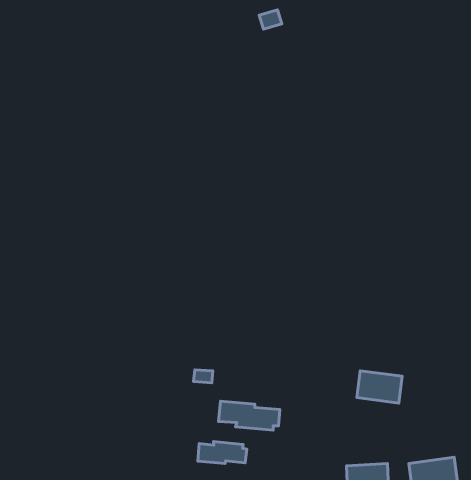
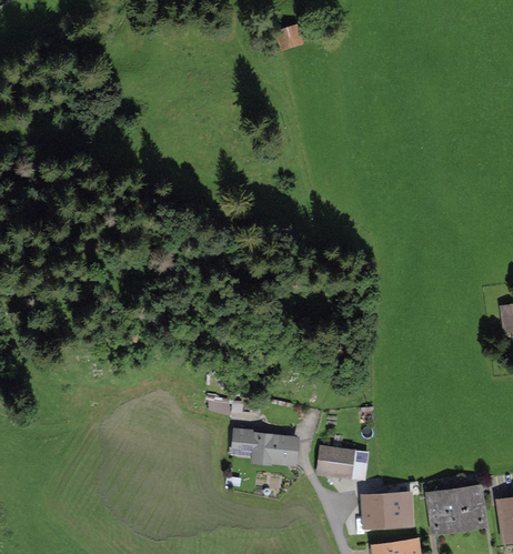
building: [357,371,402,403] -> [320,446,366,480]
building: [198,441,247,464] -> none

